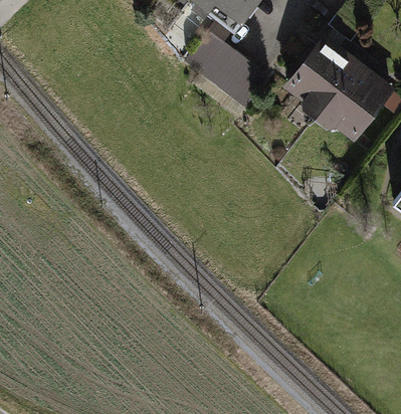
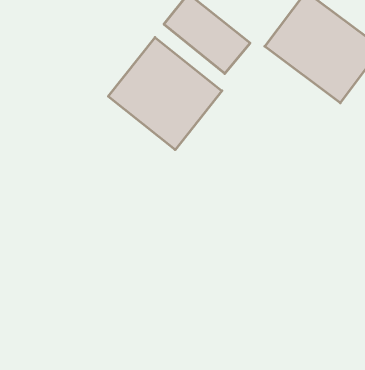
building: none -> [108,37,222,150]

